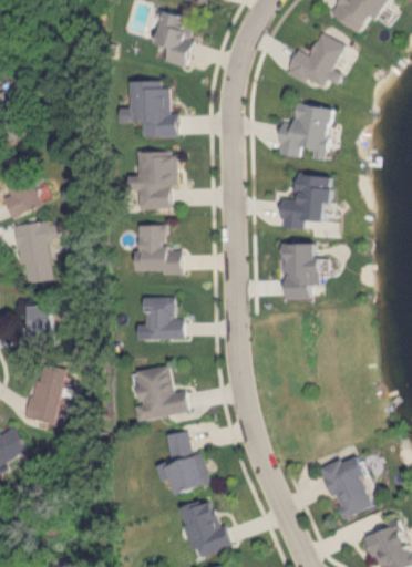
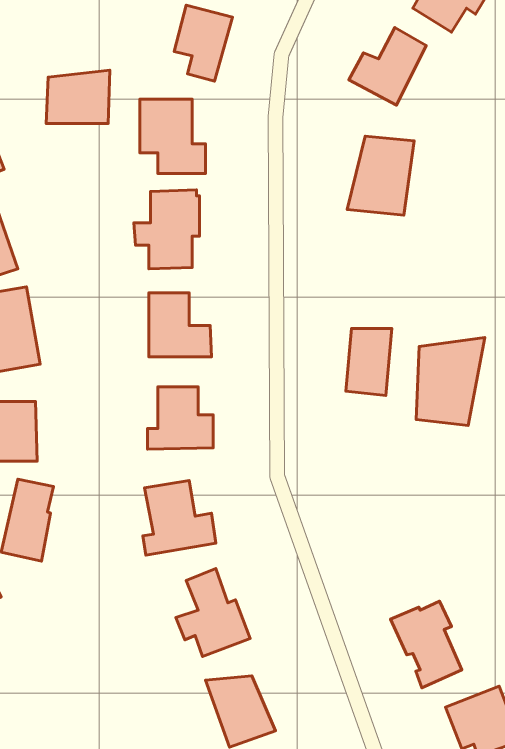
building: none -> [46,70,110,123]
building: [282,176,333,241] -> [416,338,485,426]

